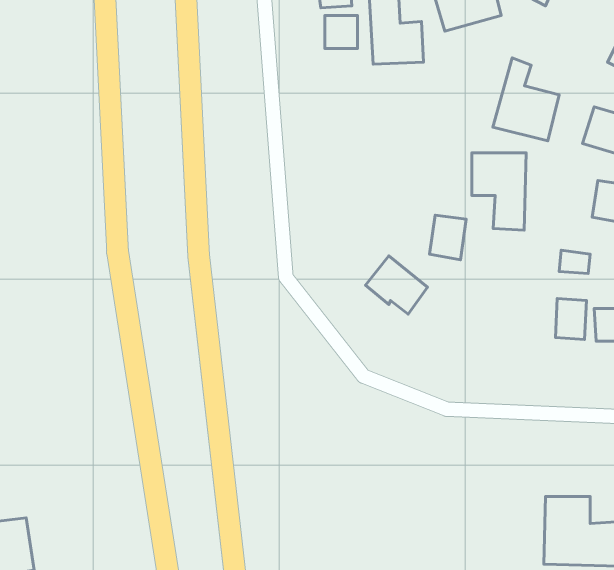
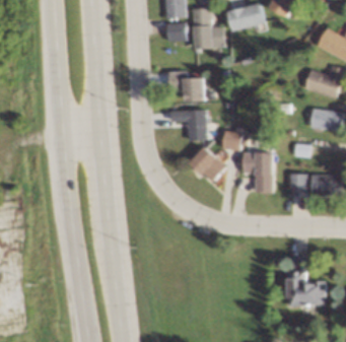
building: [493,58,559,141] -> none
building: none -> [167,71,204,106]
building: [472,153,526,230] -> [244,152,272,193]
building: none -> [171,110,206,137]

